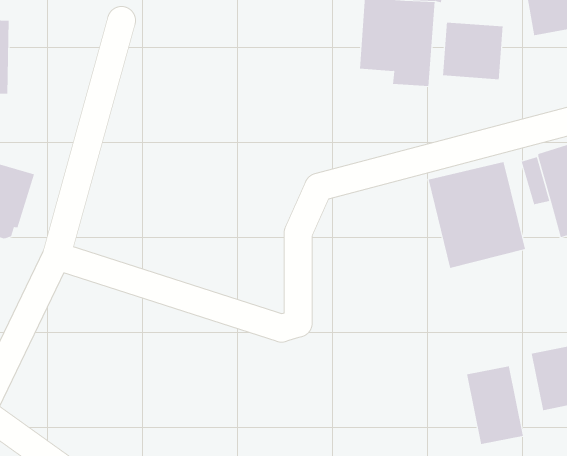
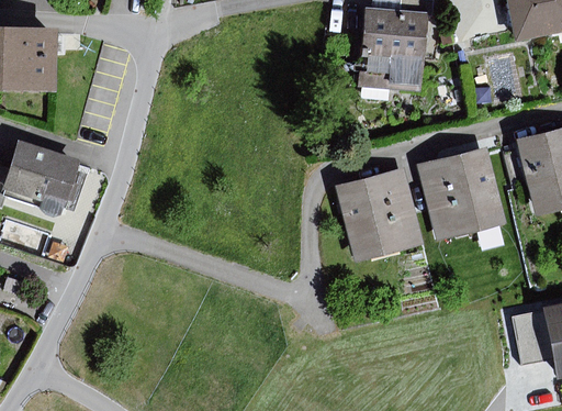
building: [442,22,503,80] -> none
building: none -> [335,170,424,264]
building: [467,365,523,445] -> none

